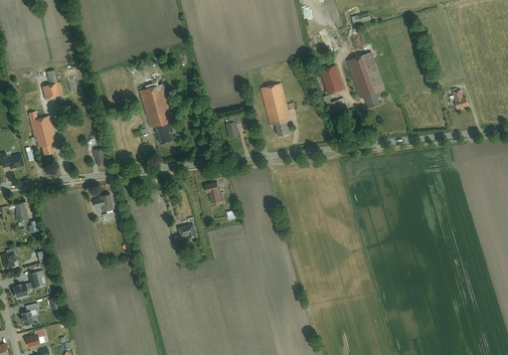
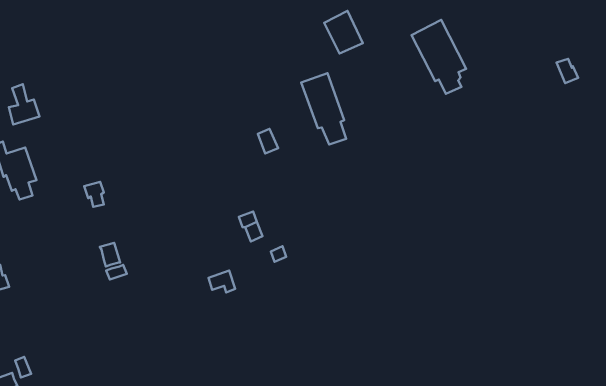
building: [318,64,345,96] -> [324,11,363,54]
building: [139,84,172,144] -> none

